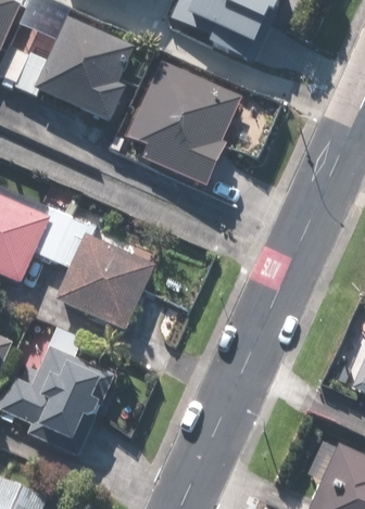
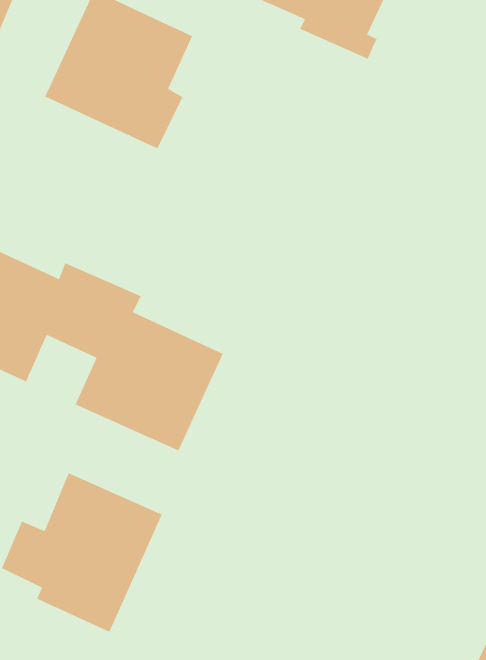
building: [126,60,242,188] -> none

